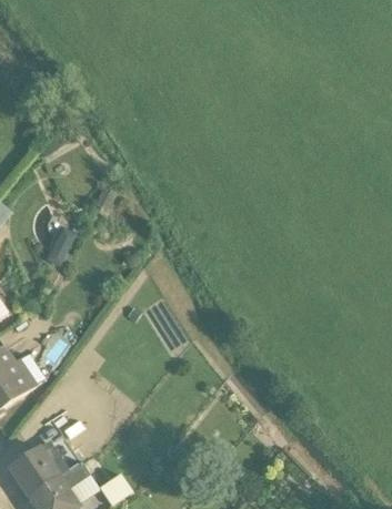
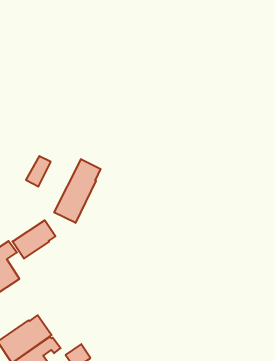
building: none -> [54,159,101,223]
building: none -> [12,220,55,259]

